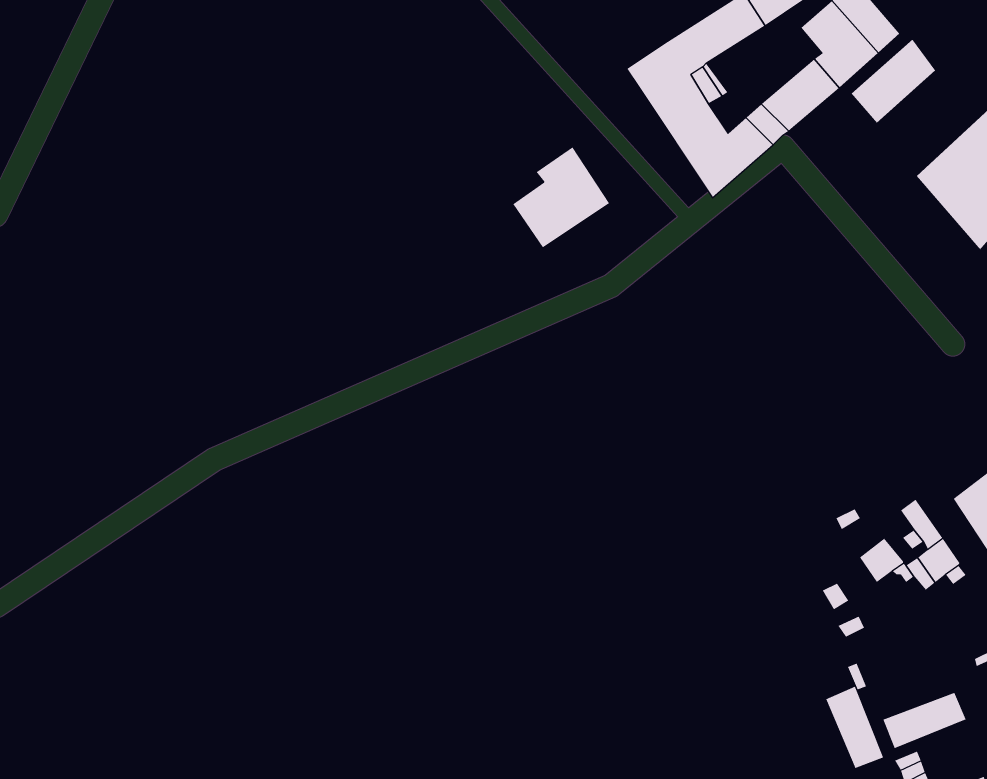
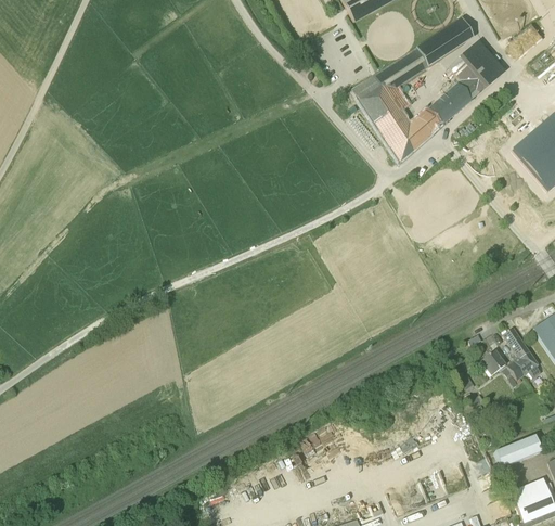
building: [851,39,936,123] -> none
building: [513,147,610,248] -> none
building: [825,686,884,769] -> none

